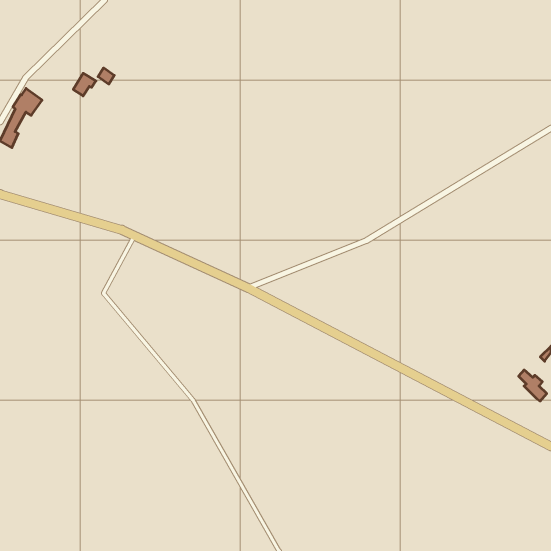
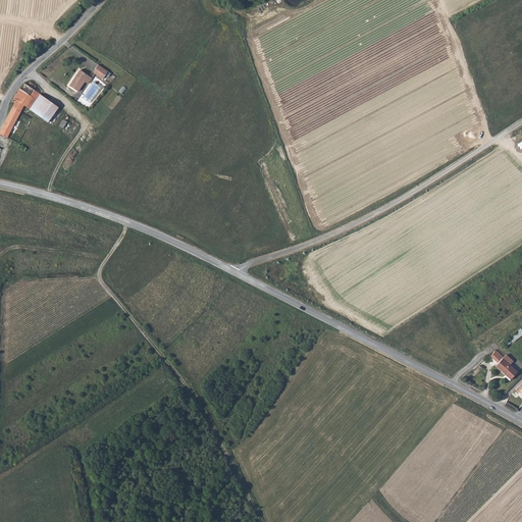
building: none -> [30,95,58,122]

